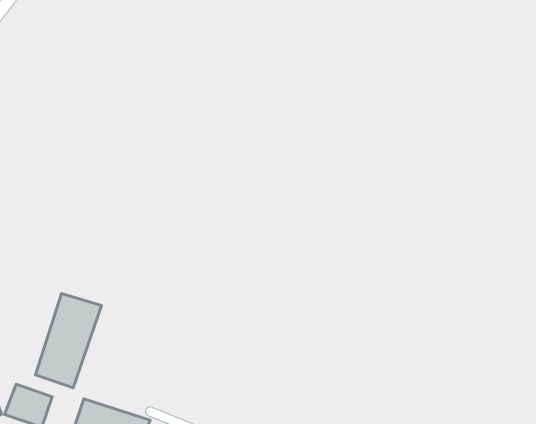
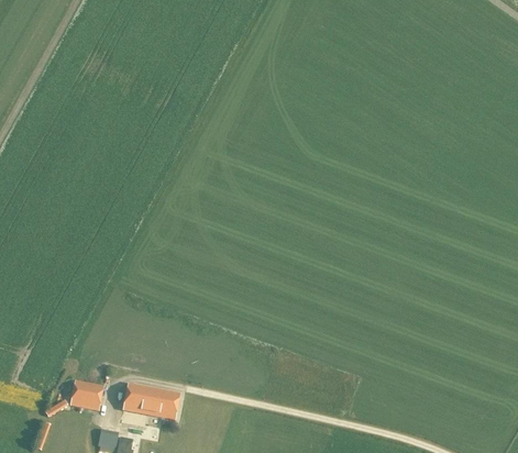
building: [36,293,101,388] -> none

